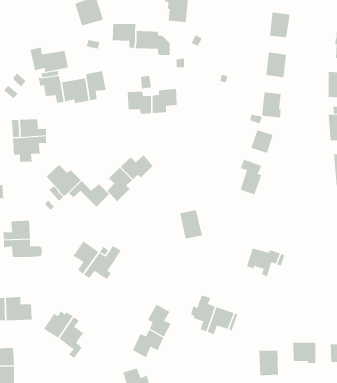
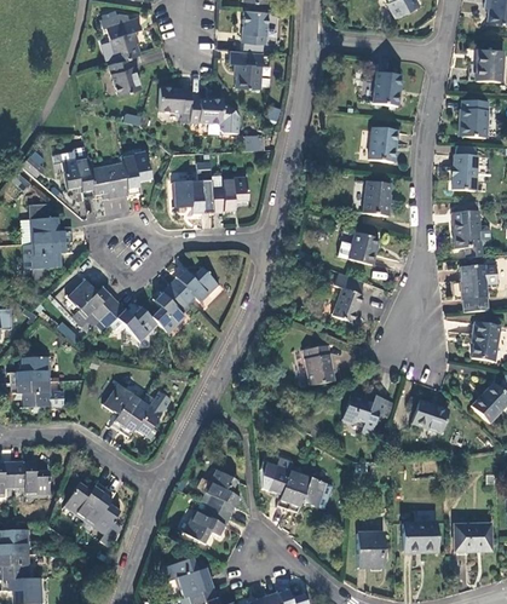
building: [30,47,69,73] -> none
building: [180,210,203,239] -> [301,344,333,384]
building: none -> [410,401,446,432]

